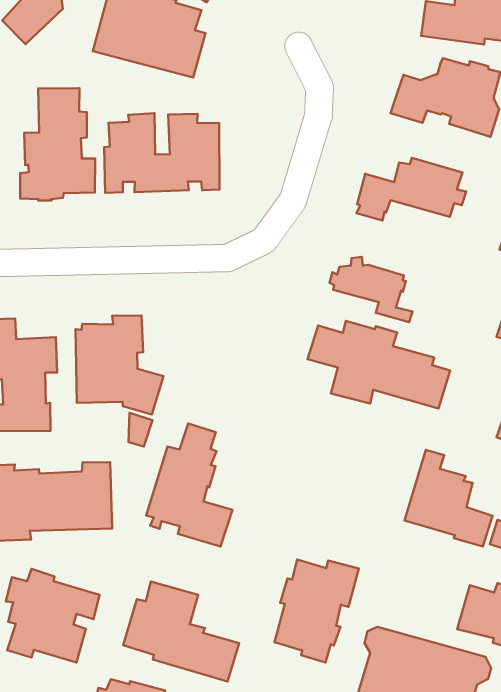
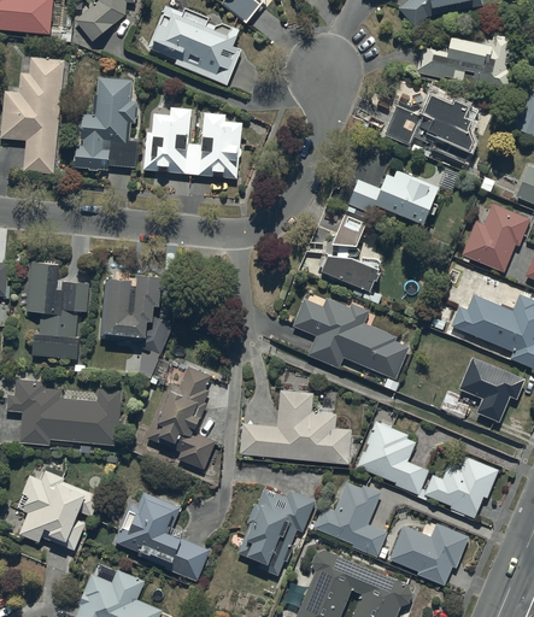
building: none -> [333,213,365,241]
building: none -> [240,389,352,464]
building: none -> [315,482,387,558]

